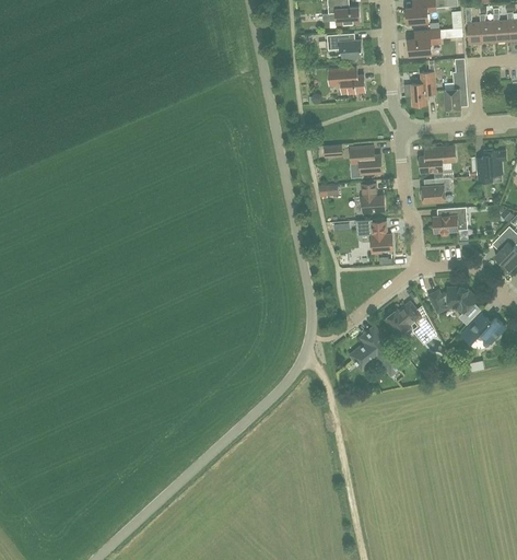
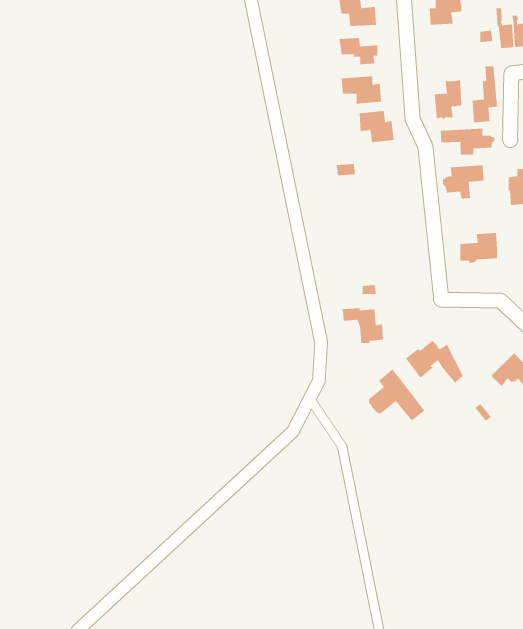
building: [408,30,439,55] -> none
building: none -> [440,128,495,155]
building: [350,145,381,174] -> [359,111,395,143]
building: [420,177,450,201] -> none
building: [361,184,384,212] -> none
building: [355,220,392,252] -> [342,308,384,343]
building: [428,285,481,319] -> none

